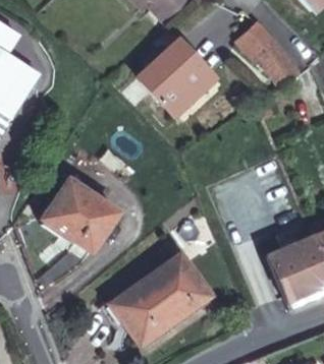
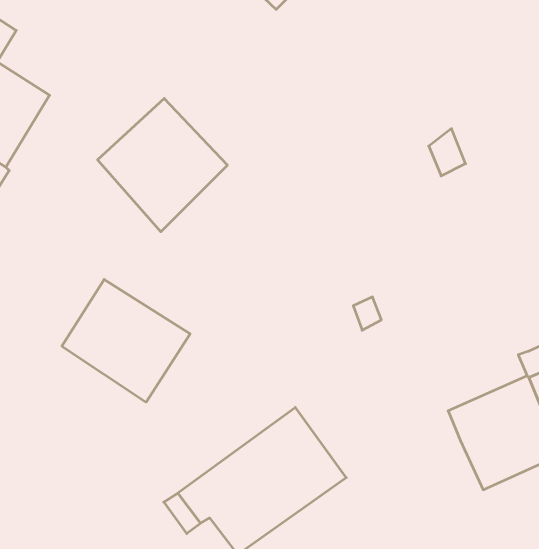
building: [235,21,298,85] -> none
building: [138,40,213,117] -> [98,98,227,232]

